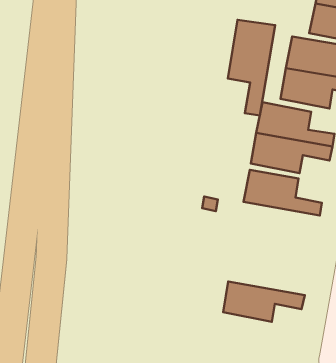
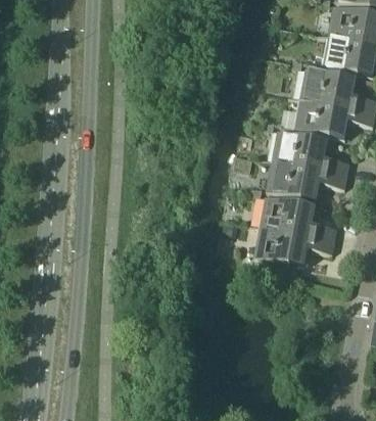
building: [228,20,275,116] -> none
building: [223,281,305,322] -> [255,226,334,265]

